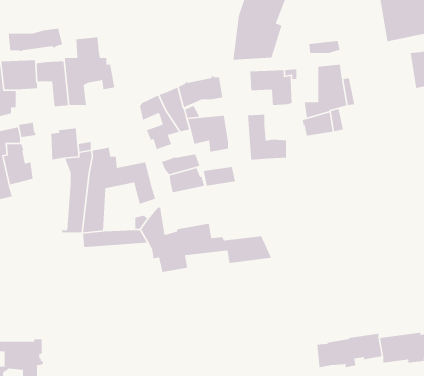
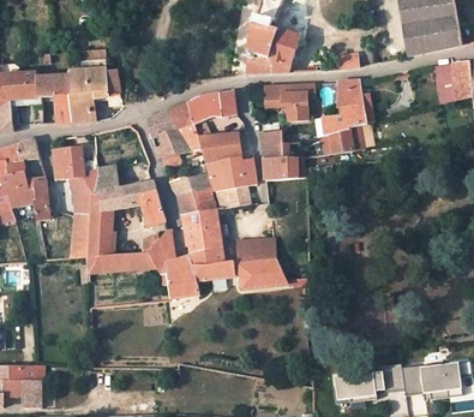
building: [8,28,63,52] -> none
building: none -> [206,157,257,190]
building: none -> [34,179,53,219]
building: none -> [182,207,222,251]
building: none -> [236,237,277,263]

